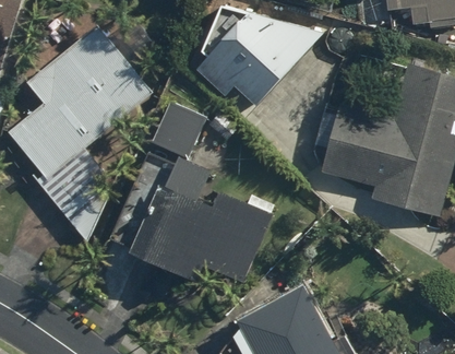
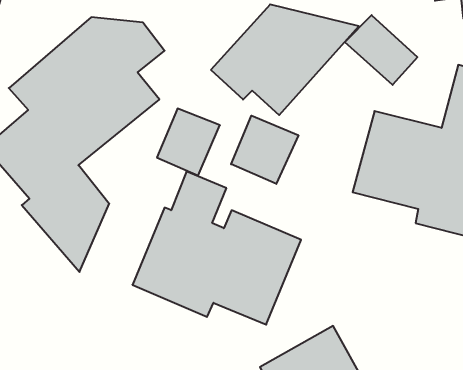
building: none -> [345,15,417,85]
building: none -> [231,116,298,184]

